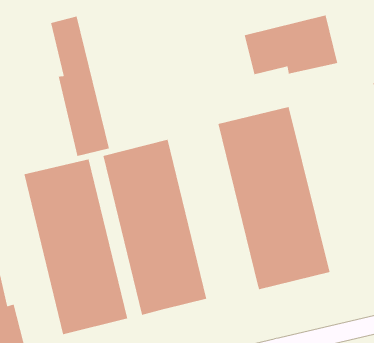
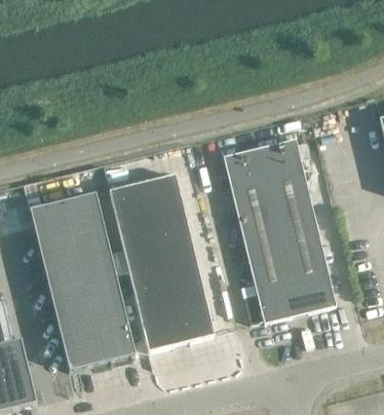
building: [244,15,338,75] -> none
building: [50,16,110,157] -> none

